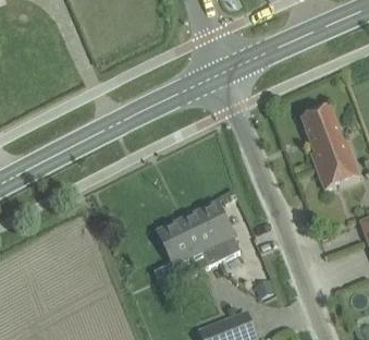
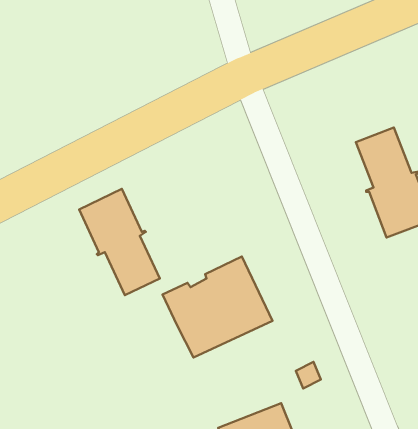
building: none -> [79,189,160,295]

